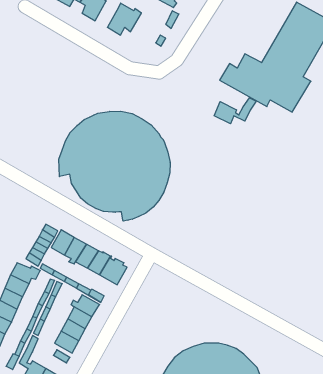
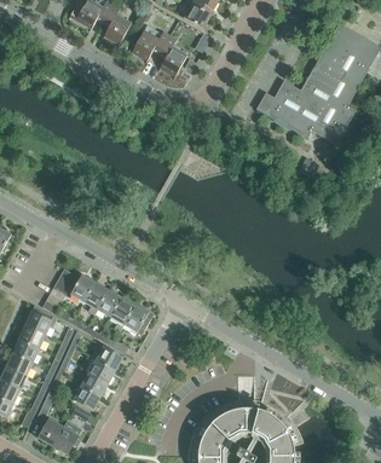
building: none -> [157,36,186,76]
building: [214,98,256,124] -> none
building: [59,111,170,221] -> none

